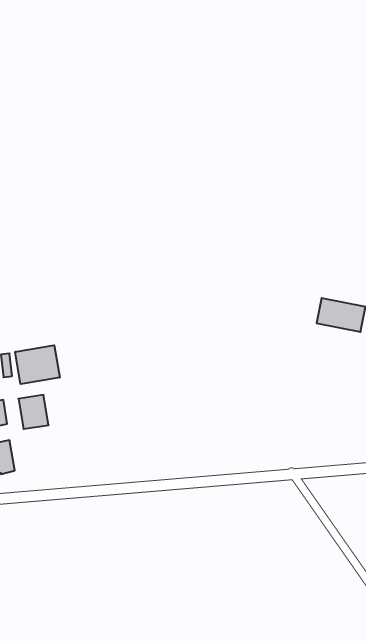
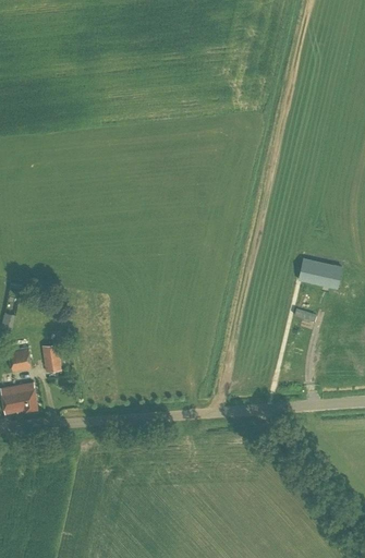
building: [15,345,60,384] -> none

